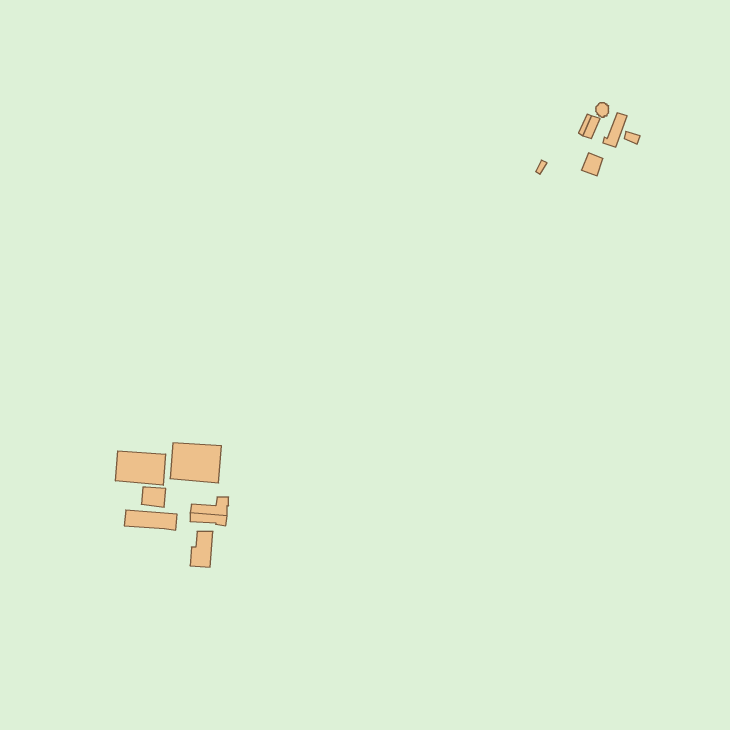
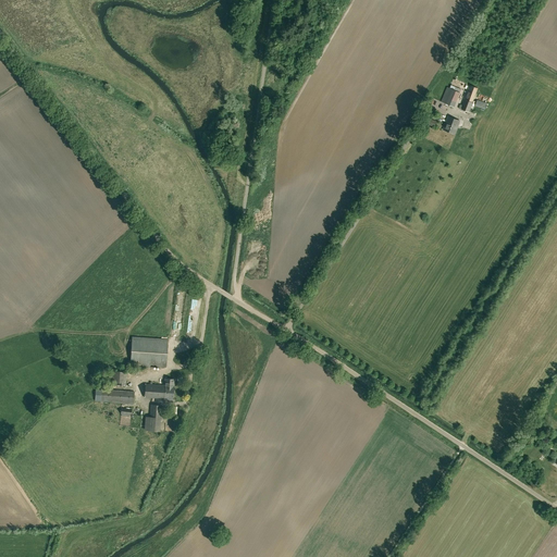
building: [116,451,166,485] -> none

